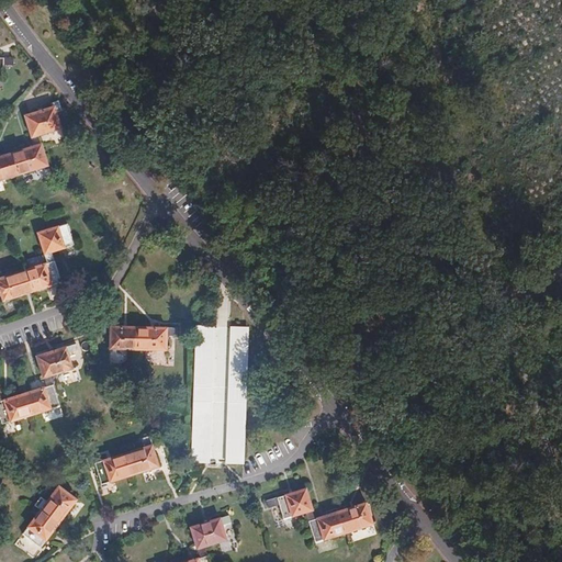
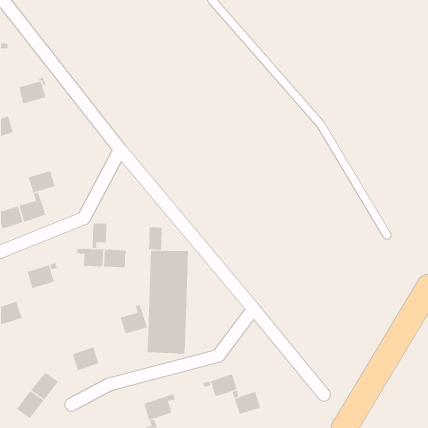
building: [12,134,48,173] -> none
building: none -> [92,223,107,249]
building: none -> [149,227,162,250]
building: [23,375,59,416] -> none
building: [124,436,160,475] -> [120,304,148,334]
building: [336,502,372,533] -> none

